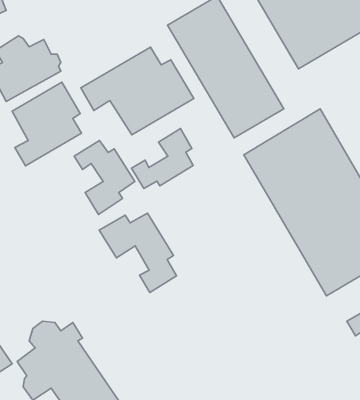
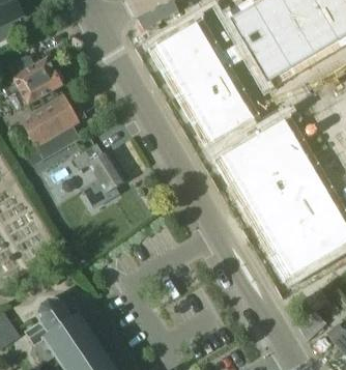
building: [81,47,194,135] -> none
building: [131,129,193,188] -> none
building: [99,213,176,292] -> none

